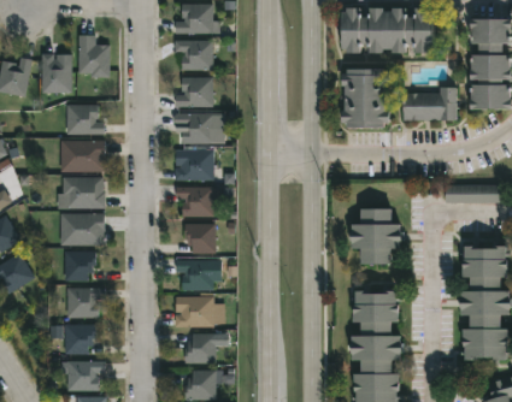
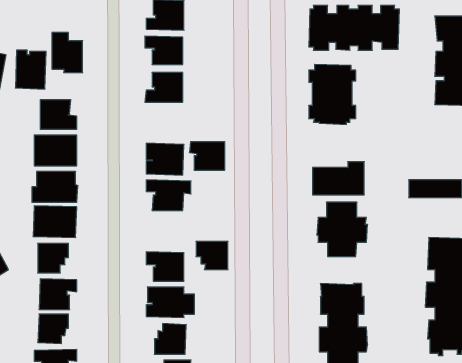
building: [405,87,458,120] -> [313,162,364,195]
building: [176,114,212,143] -> [189,142,225,170]
building: [183,224,216,253] -> [196,241,228,270]

